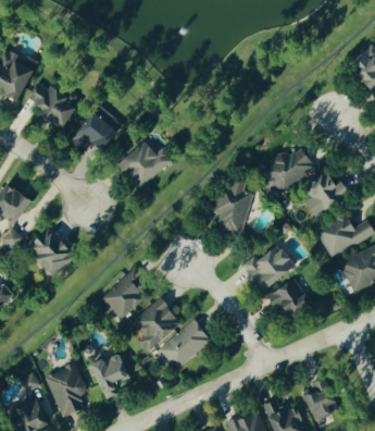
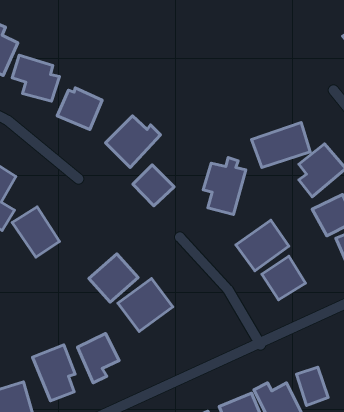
building: none -> [133,165,174,206]
building: [160,318,213,370] -> none

